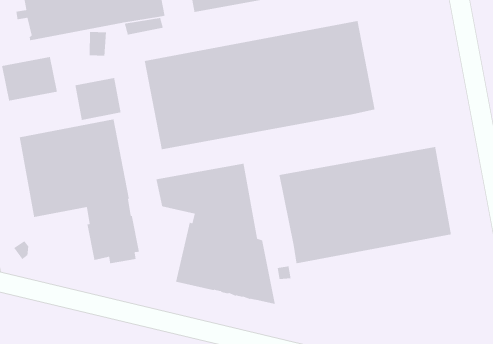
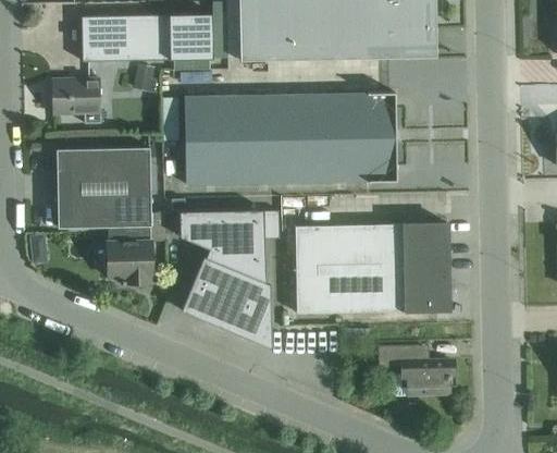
building: [75,77,121,121] -> none
building: none -> [377,346,450,396]

